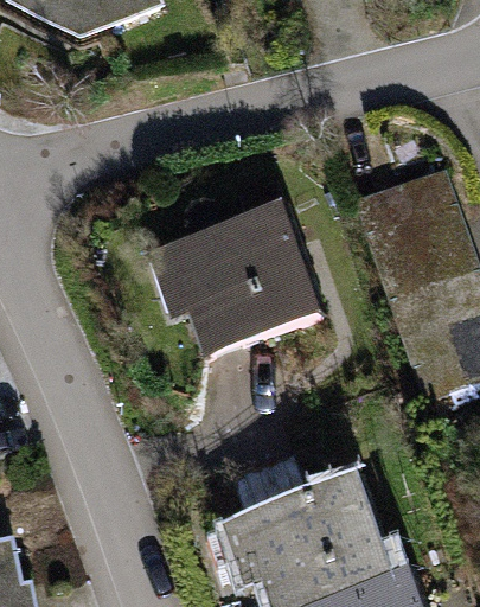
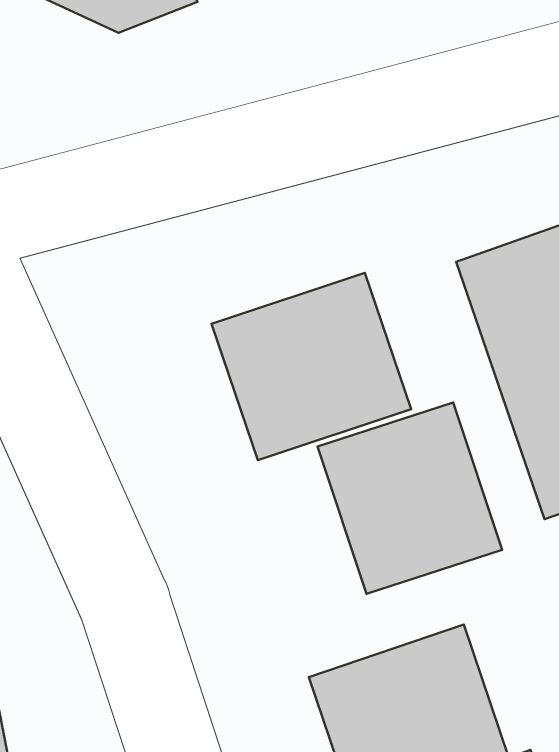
building: none -> [318,402,502,594]

